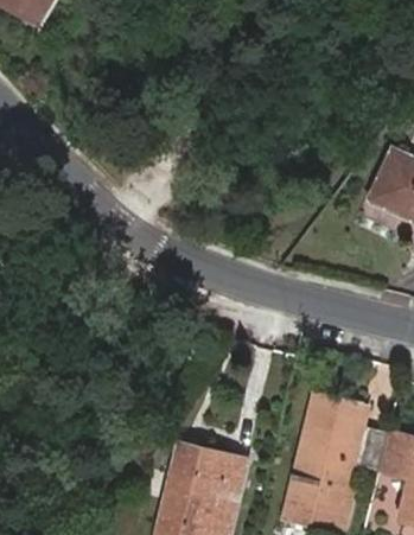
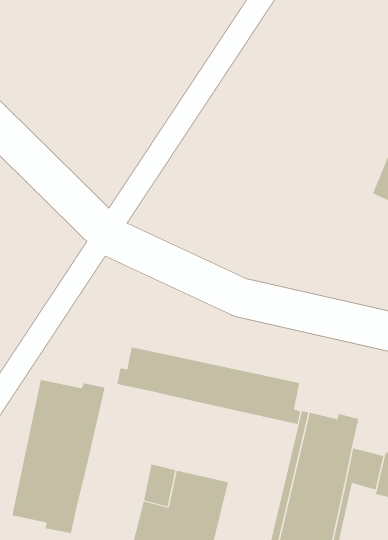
building: none -> [117,347,301,425]
building: none -> [12,379,105,534]

